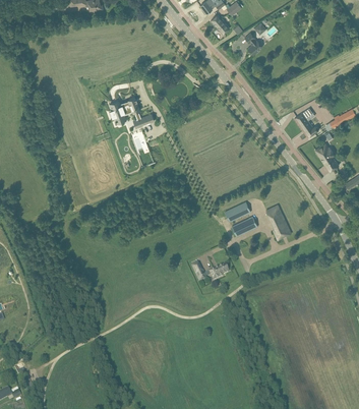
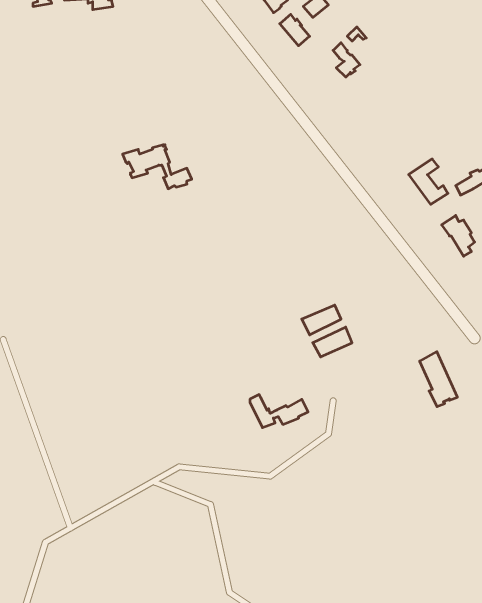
building: [266,203,291,239] -> [420,352,457,407]

